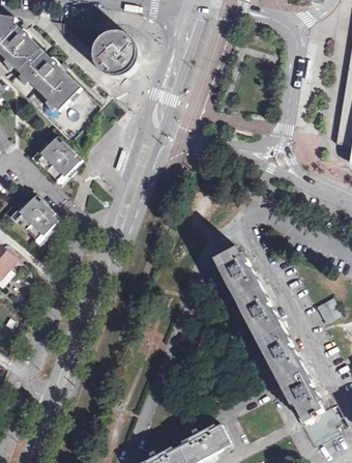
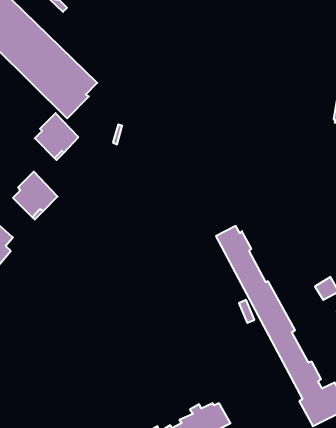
building: [93,33,141,79] -> none

